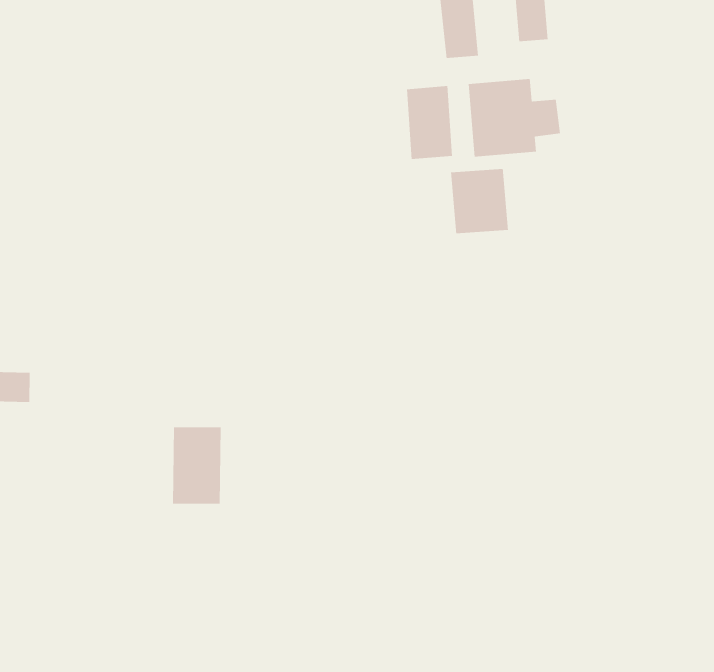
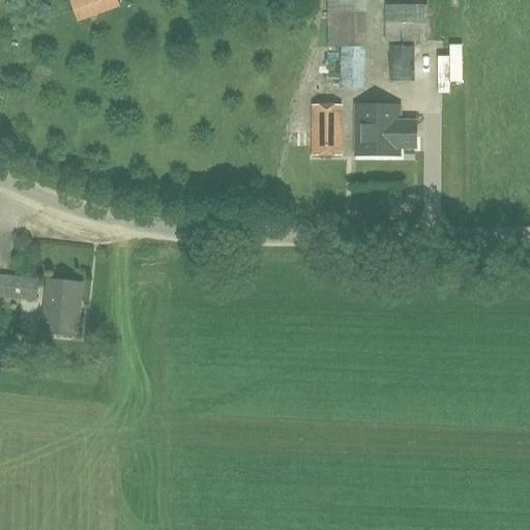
building: [450,168,508,234] -> none
building: [172,427,222,504] -> [42,277,81,333]

